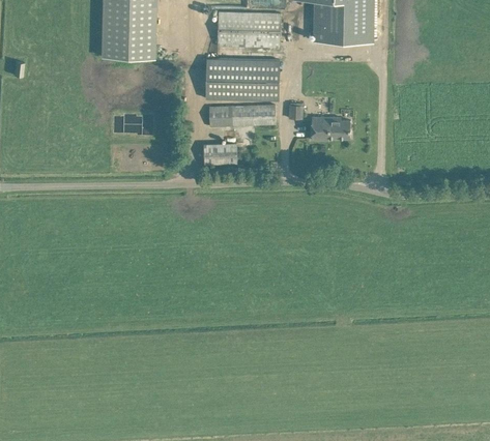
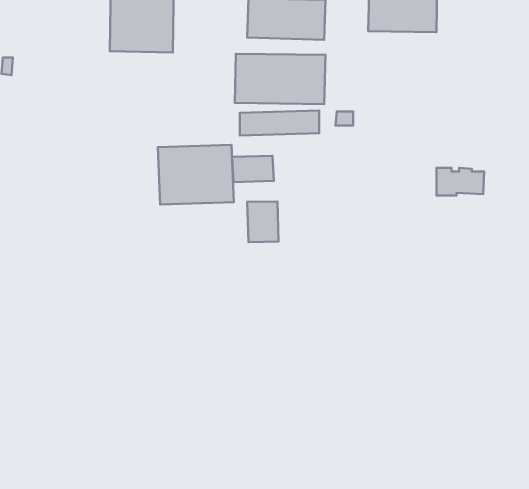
building: [311,116,350,139] -> [436,168,484,195]
building: none -> [158,145,234,205]
building: none -> [247,201,279,242]

